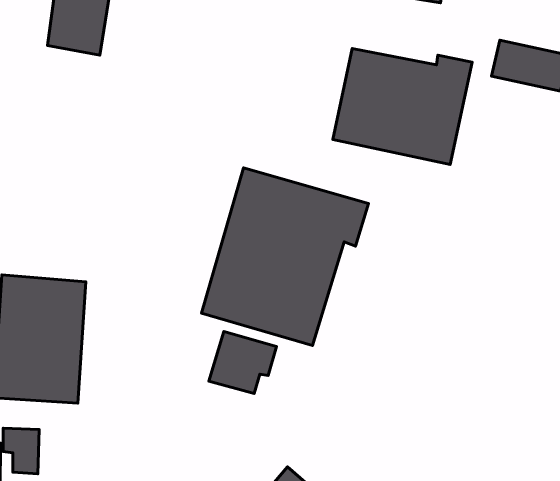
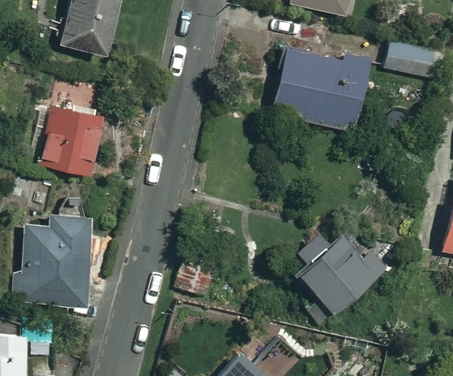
building: none -> [43,104,101,174]
building: [201,168,368,345] -> none
building: none -> [291,232,388,317]

